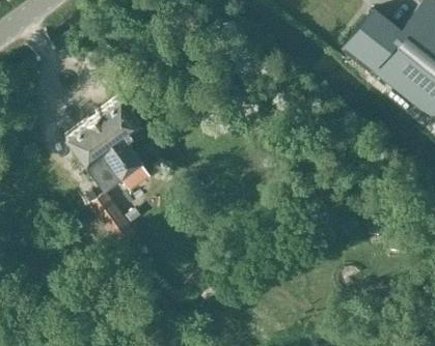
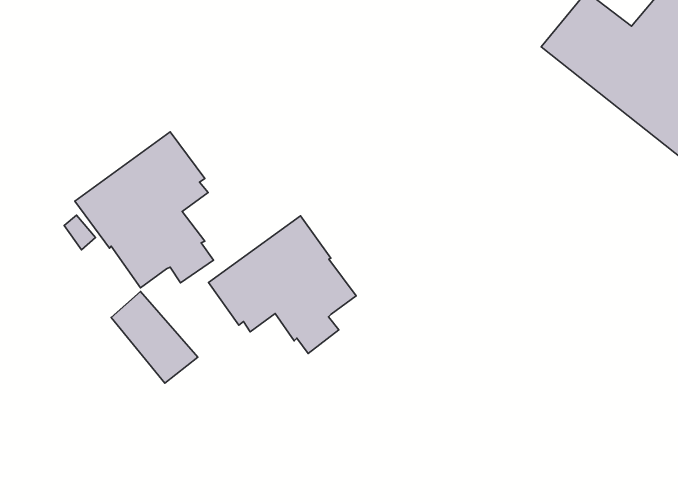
building: none -> [209,216,356,353]

